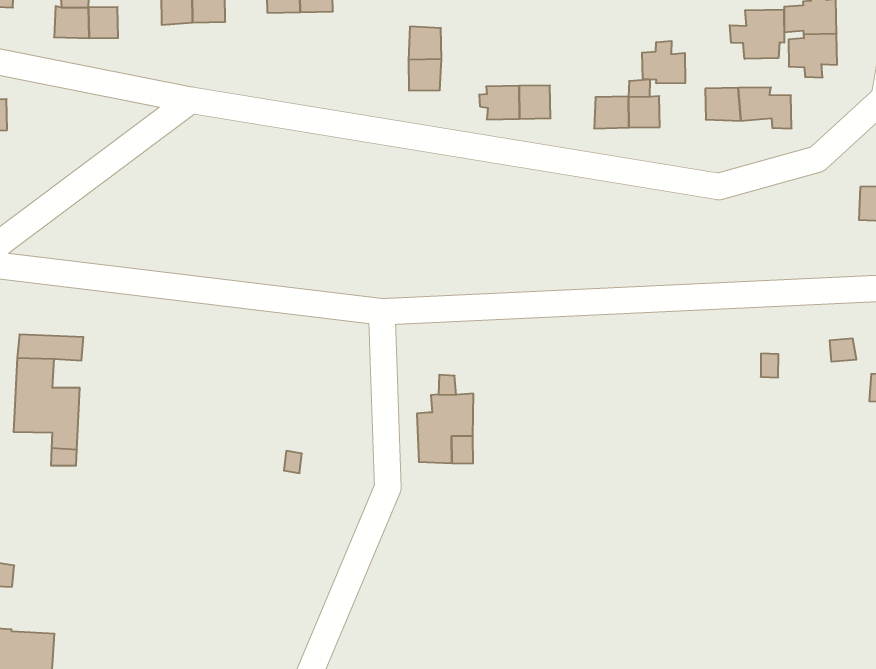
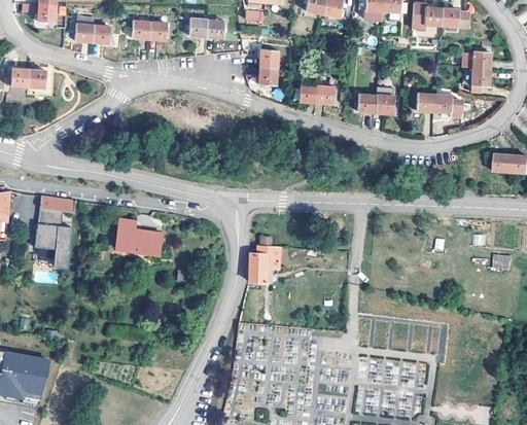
building: [730,9,784,59] -> none
building: [642,41,685,83] -> none
building: none -> [116,220,162,254]

